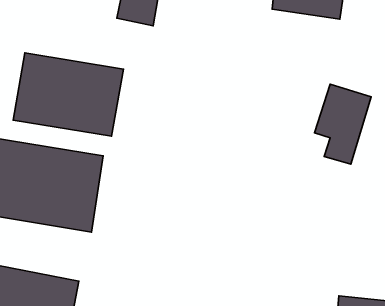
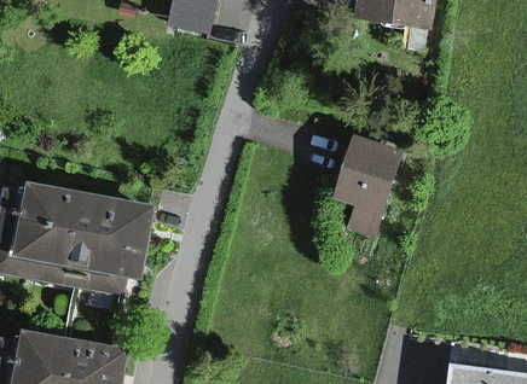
building: [13,53,123,136] -> none
building: [314,84,371,164] -> [331,136,401,235]

